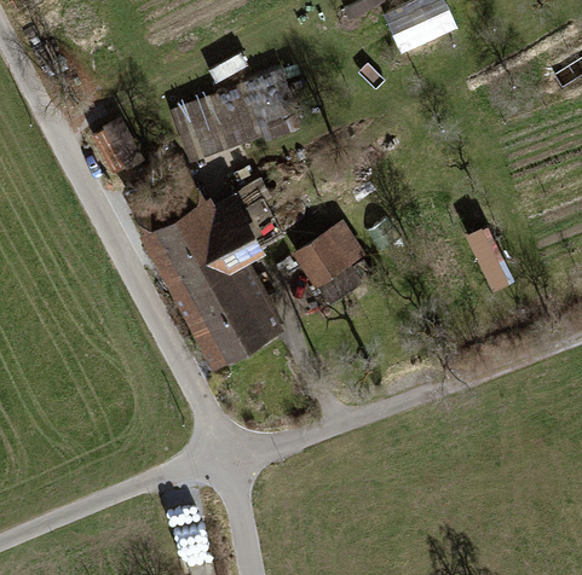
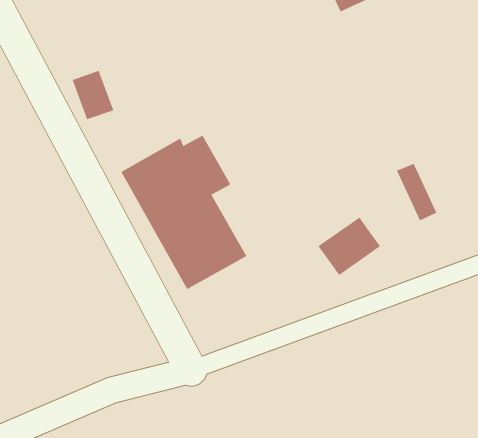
building: [179,74,299,163] -> none
building: [292,223,364,291] -> [318,217,381,276]

